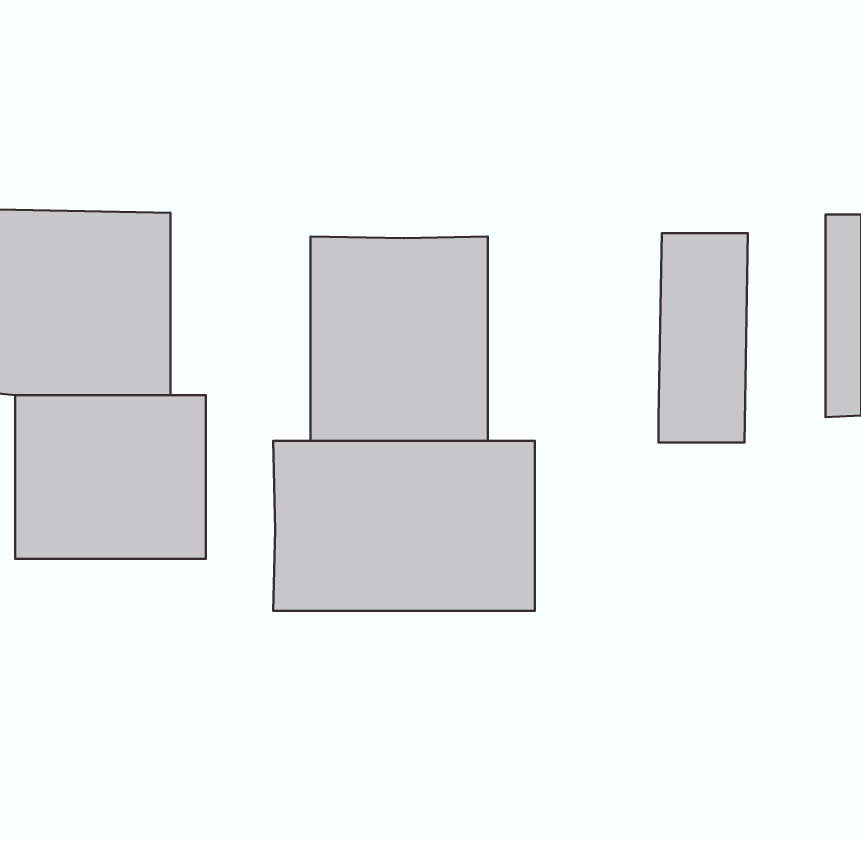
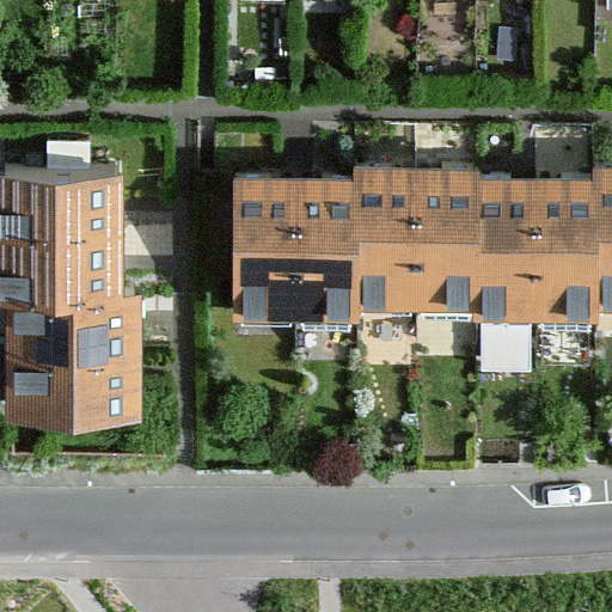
building: none -> [345,167,469,311]
building: none -> [527,180,585,329]
building: [273,441,535,611] -> none

